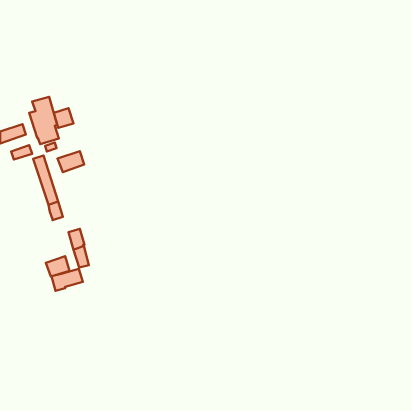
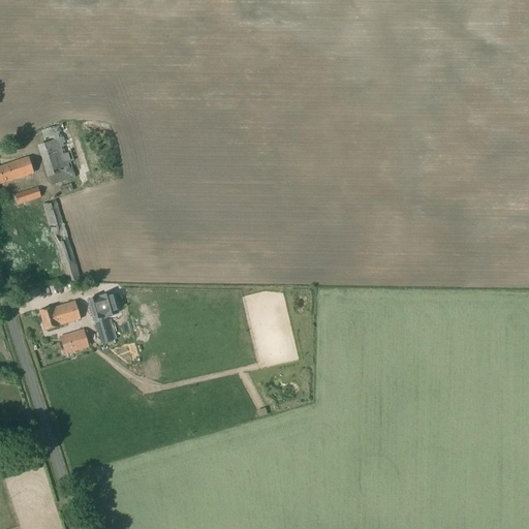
building: [54,108,74,128] -> none
building: [58,151,84,172] -> none
building: [51,269,83,291] -> [40,302,81,330]

